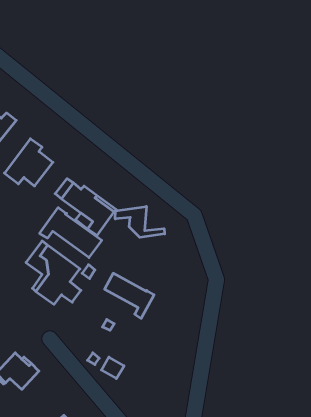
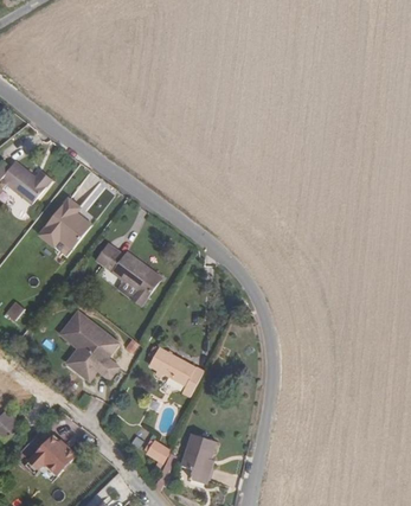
building: [115,206,165,237] -> none
building: [40,208,102,258] -> none
building: none -> [179,431,216,483]

